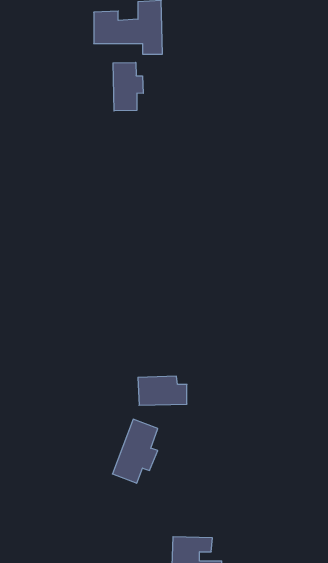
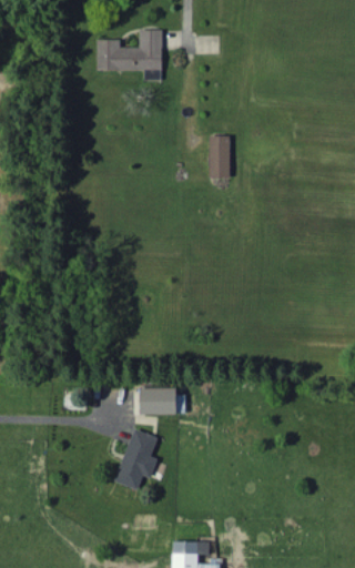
building: [113,62,143,111] -> none
building: none -> [209,135,230,179]

